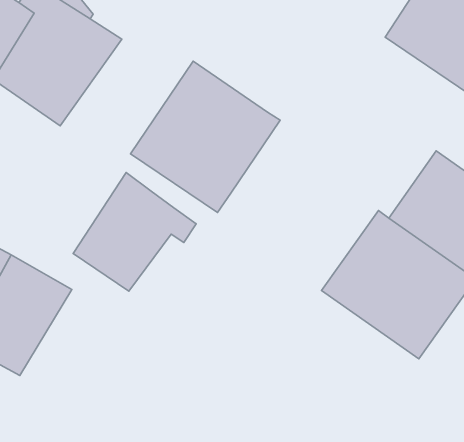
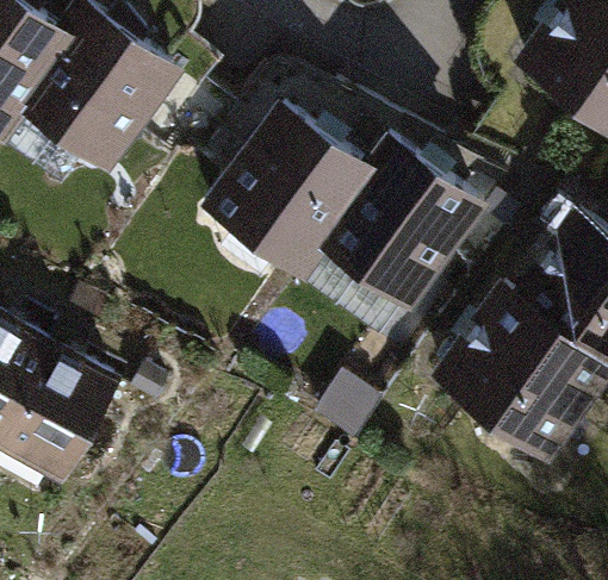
building: none -> [317,131,491,323]
building: [73,173,196,291] -> none

